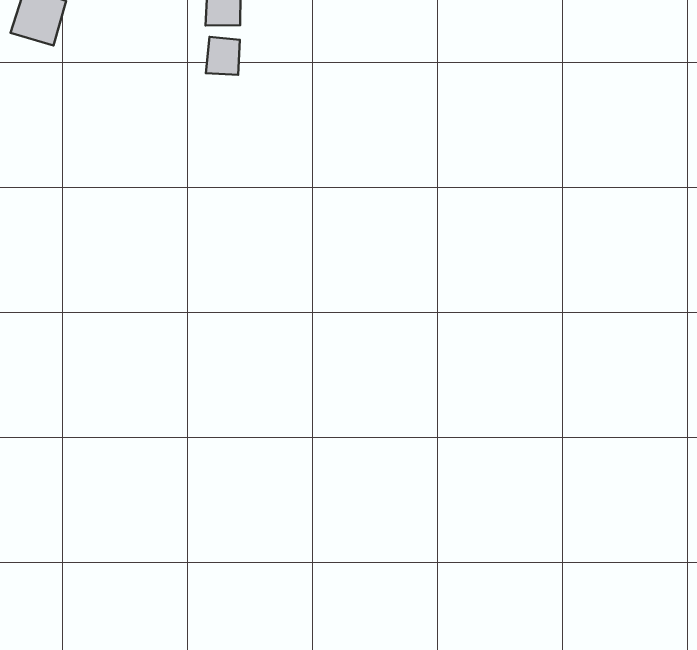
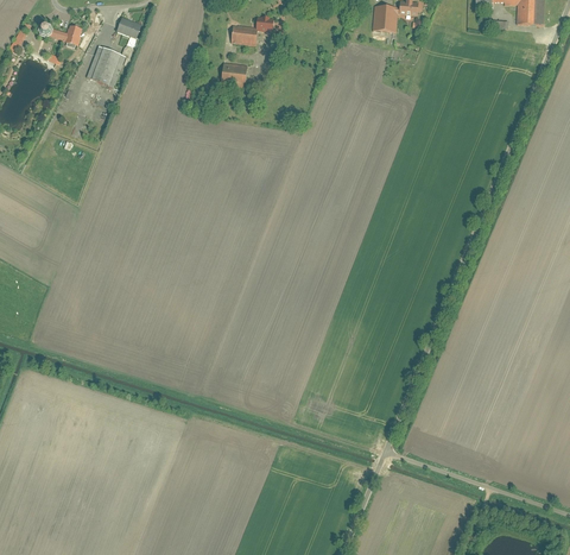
building: [206,37,240,75] -> none

